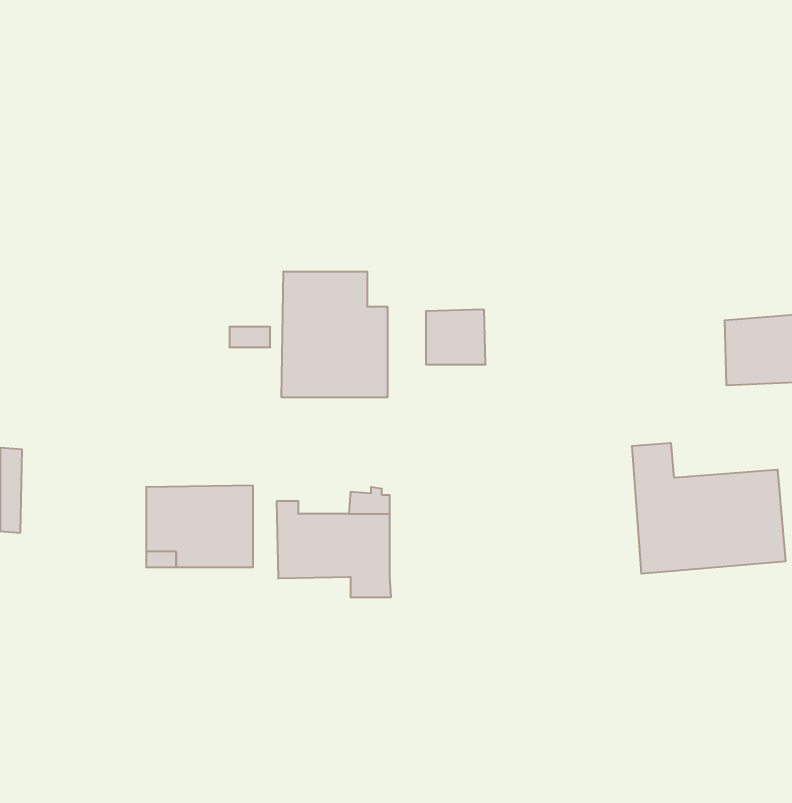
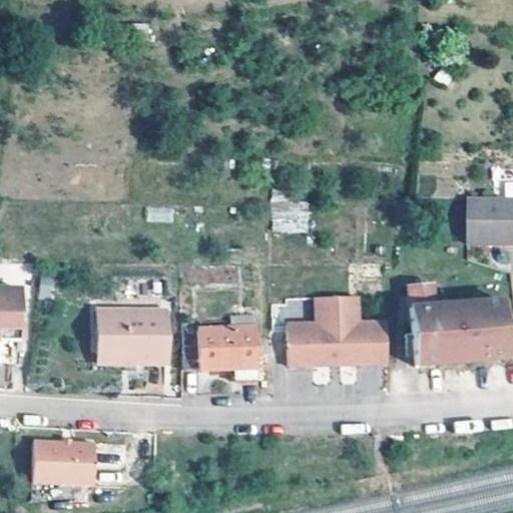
building: [281,271,387,397] -> none
building: none -> [288,296,387,364]
building: none -> [33,439,96,485]

